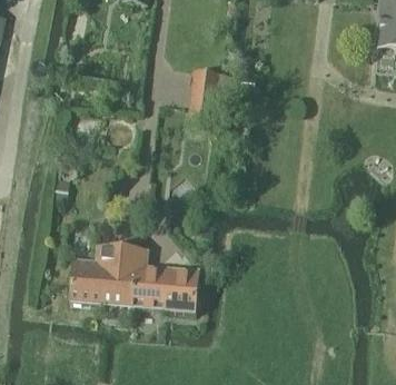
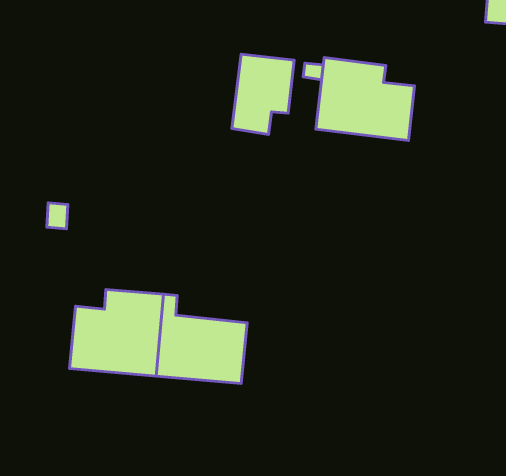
building: none -> [316,57,414,140]

